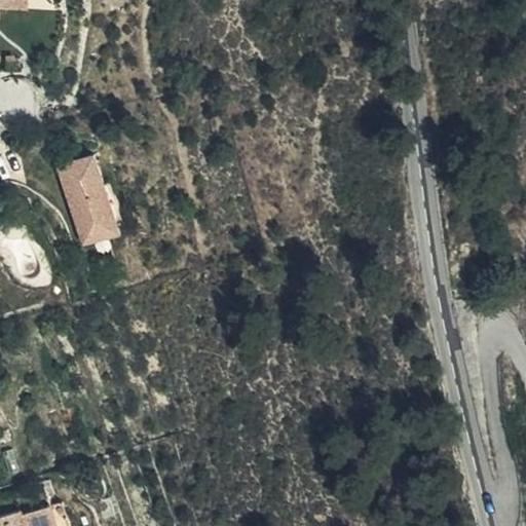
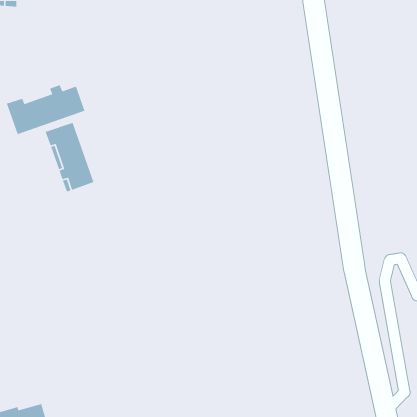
building: none -> [6,84,85,135]

